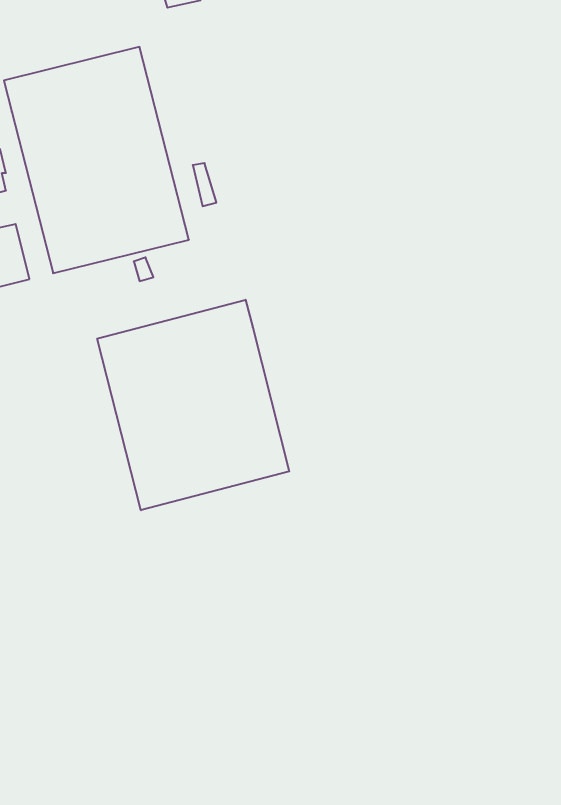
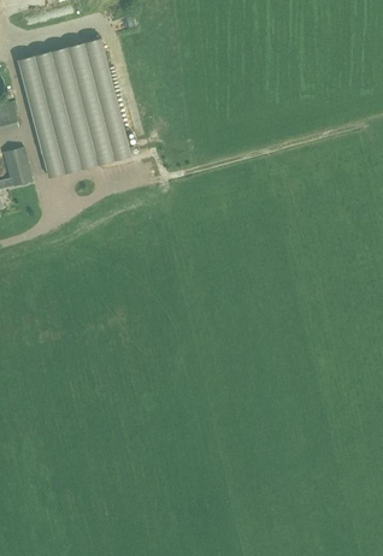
building: [97,300,289,510] -> none

